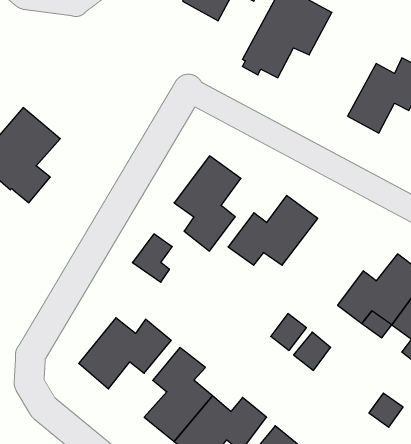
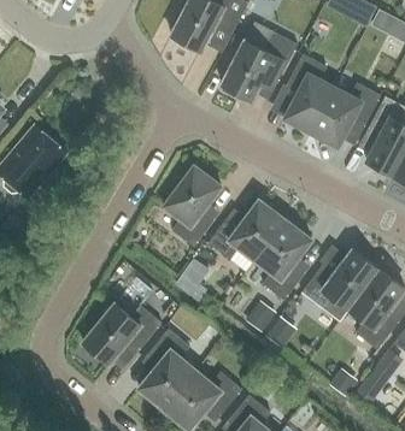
building: none -> [283,54,334,132]
building: none -> [254,219,312,300]
building: [132,234,172,282] -> [174,259,207,300]

